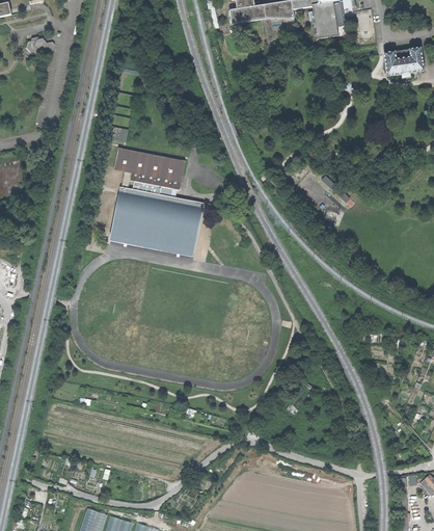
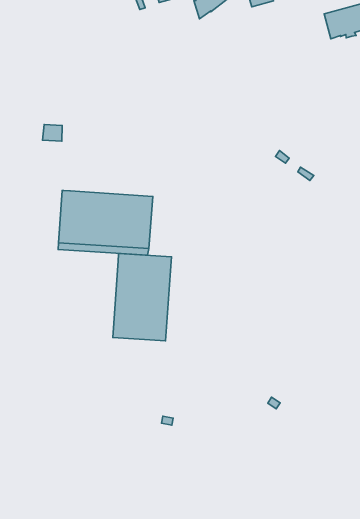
building: [113,145,185,187] -> none
building: none -> [113,253,172,341]

